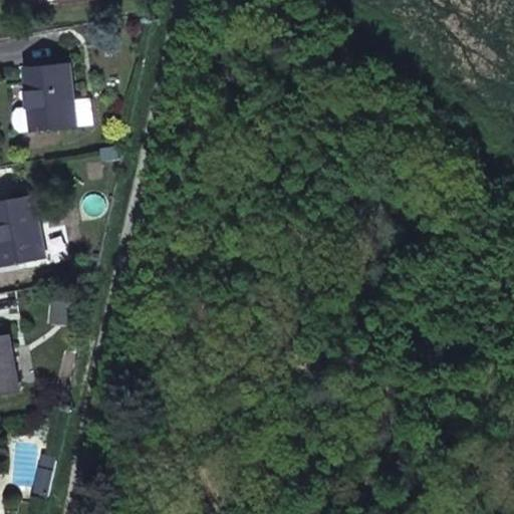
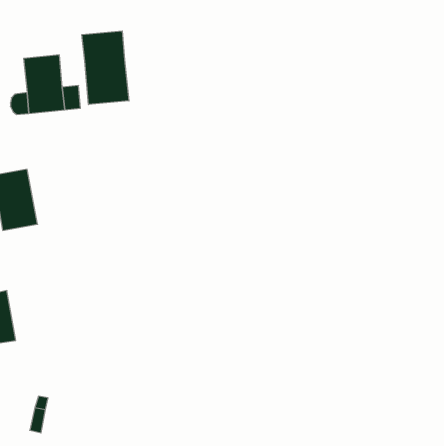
building: none -> [82,31,129,105]

